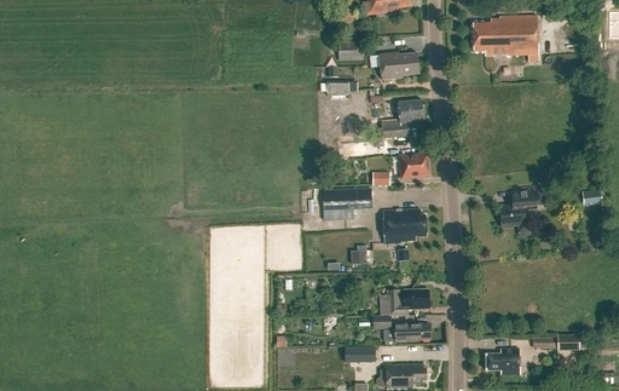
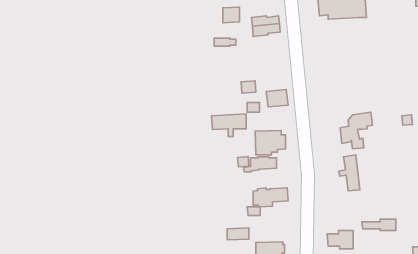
building: [381,99,423,138] -> none
building: none -> [339,155,360,191]
building: [384,323,430,344] -> [243,157,277,172]

